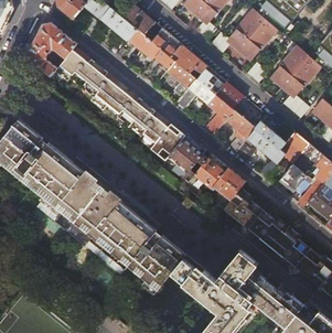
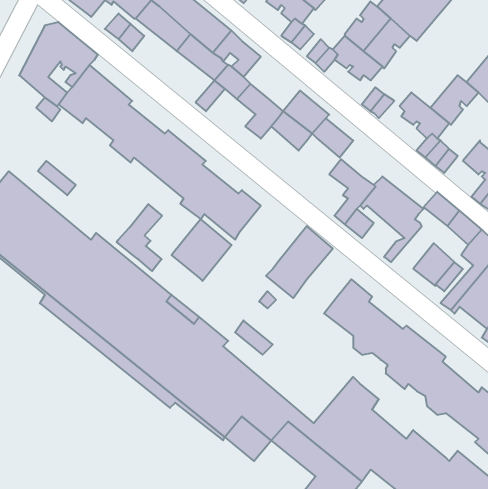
building: [171,44,207,79] -> none
building: [279,46,309,77] -> none
building: [205,94,234,135] -> none
building: [169,133,207,173] -> [172,219,232,281]
building: none -> [117,204,162,271]
building: [212,168,246,200] -> none

